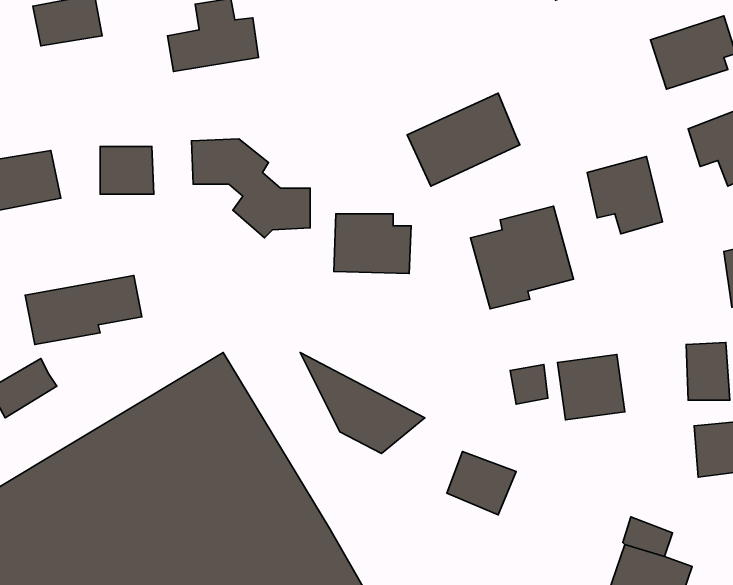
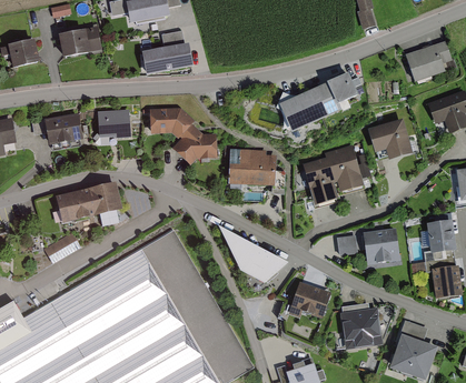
building: none -> [324,74,353,107]
building: none -> [344,303,383,347]

